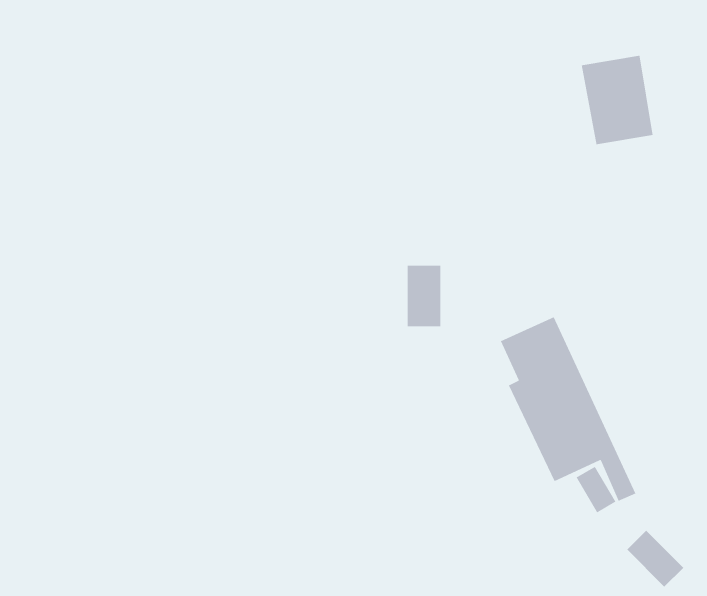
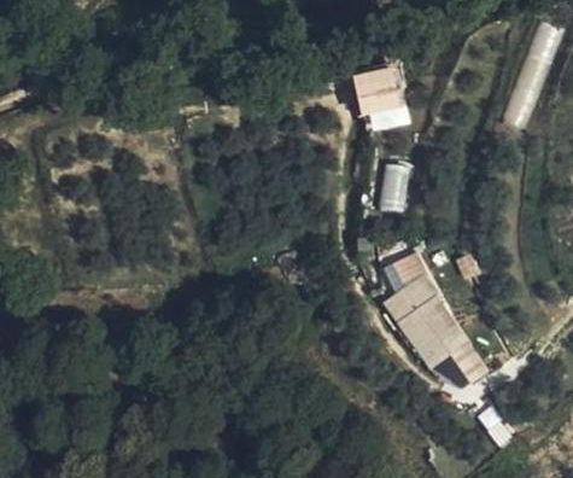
building: [581,55,653,145] -> [355,65,408,132]
building: [407,265,441,327] -> [381,164,407,210]

